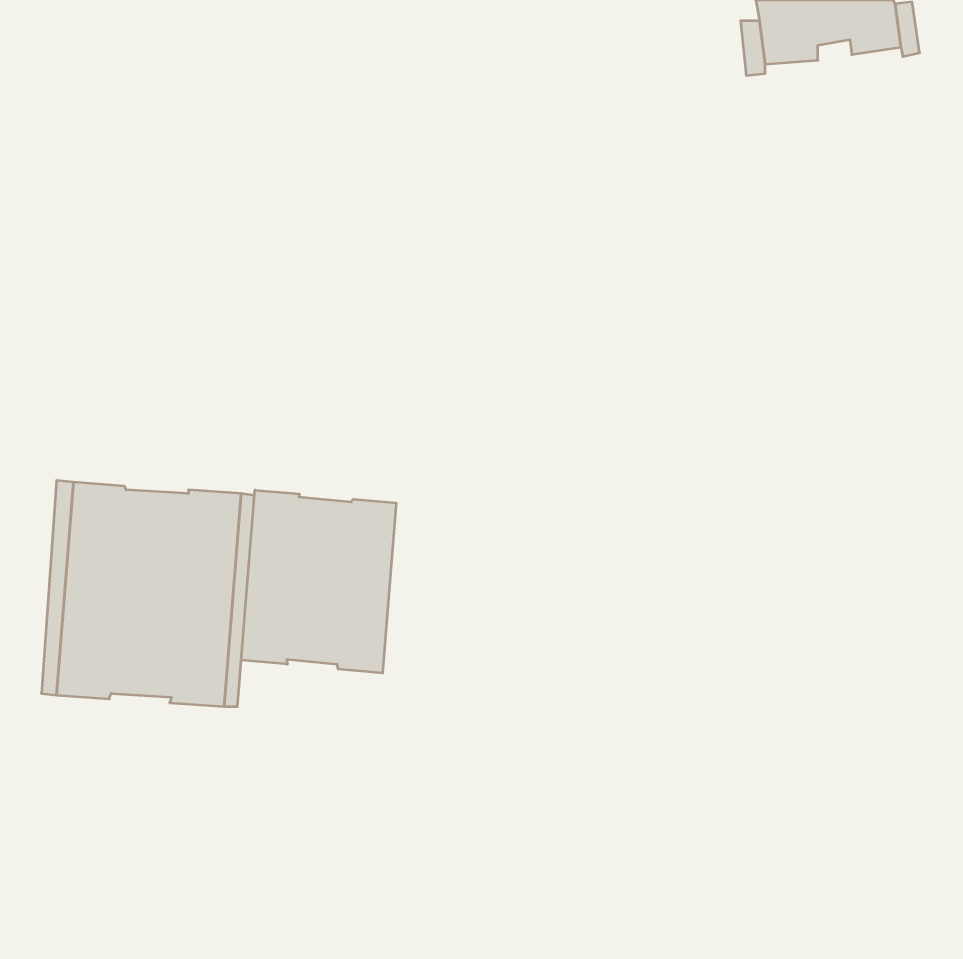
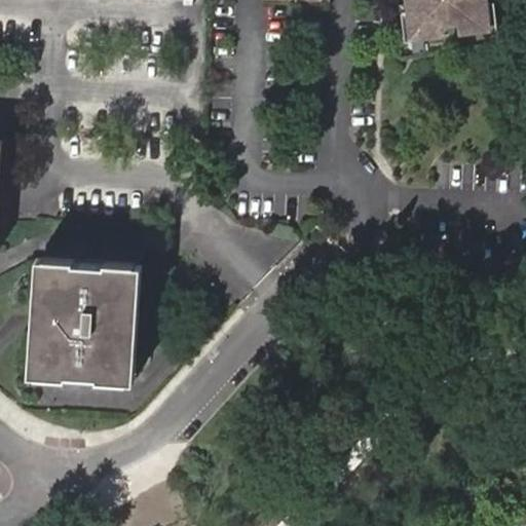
building: [241,490,396,673] -> none

